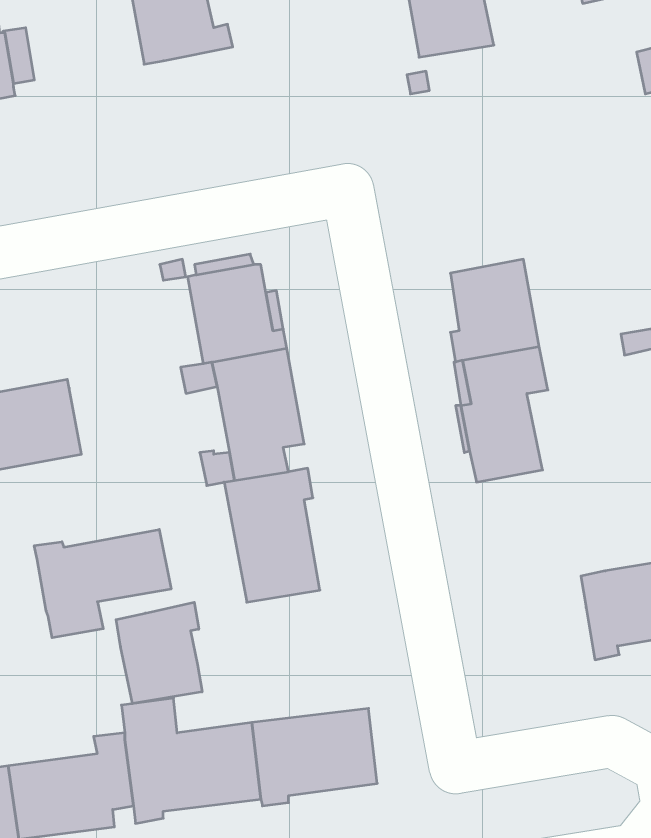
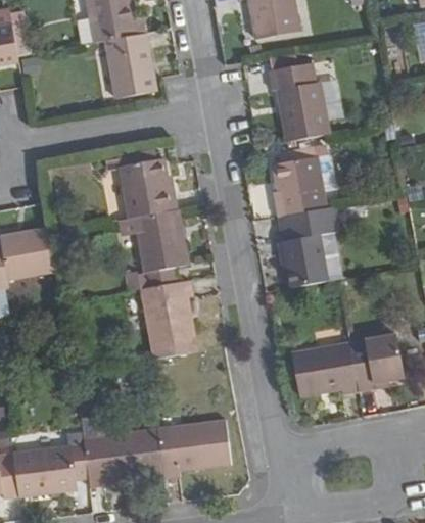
building: none -> [105,32,156,98]
building: none -> [269,63,343,142]
building: [34,529,171,638] -> none
building: none -> [291,341,359,395]
building: [116,602,202,704] -> none

